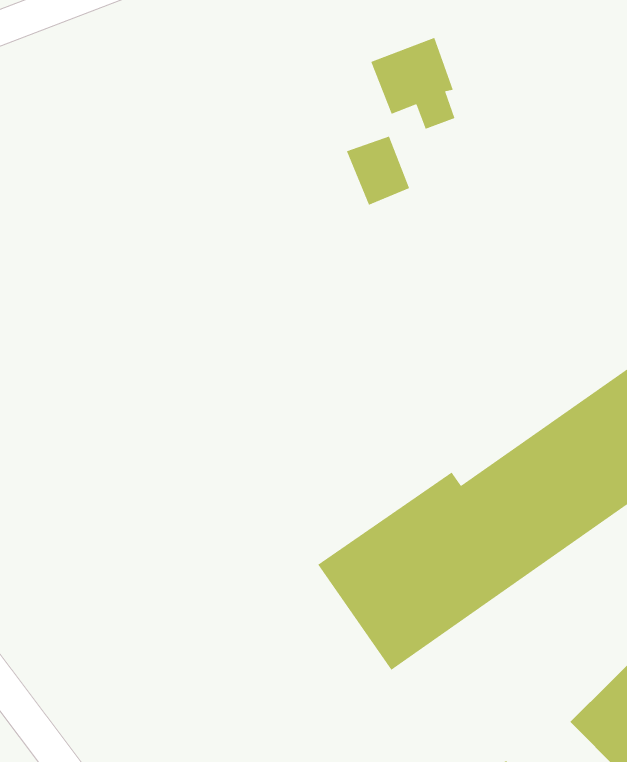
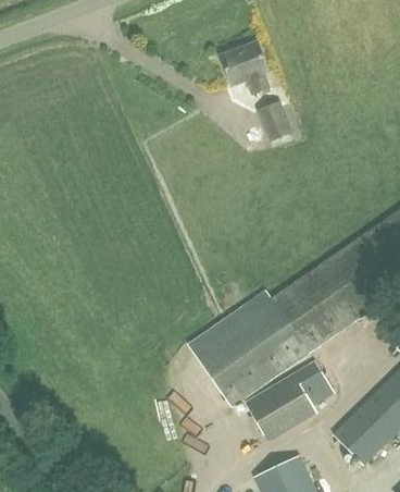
building: [346,135,410,206] -> [255,101,292,142]
building: none -> [246,361,334,434]

